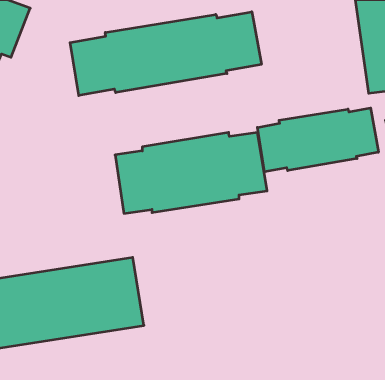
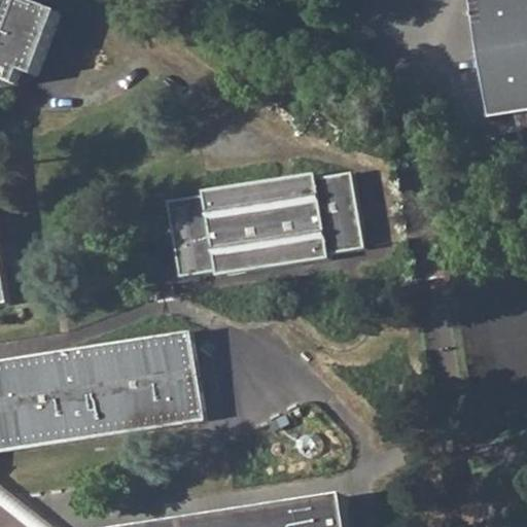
building: [70,12,261,96] -> none
building: [257,108,378,172] -> none

